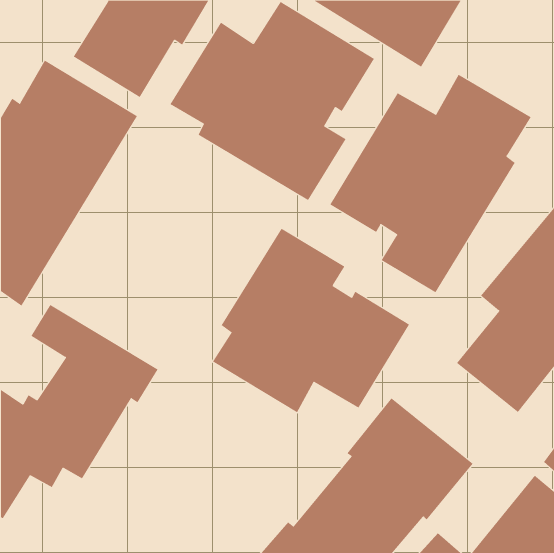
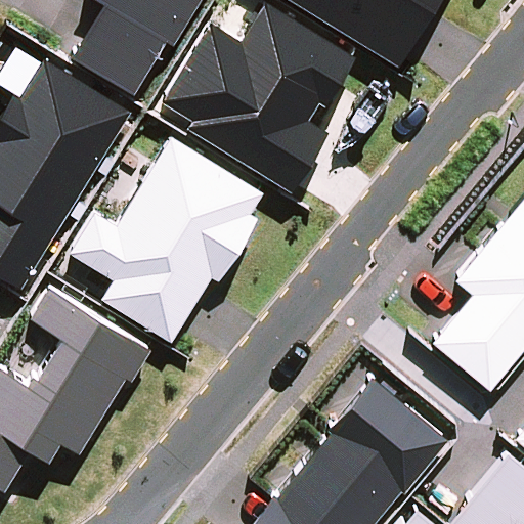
building: [329,74,531,293] -> none
building: none -> [69,136,263,342]
building: [212,228,410,413] -> none

